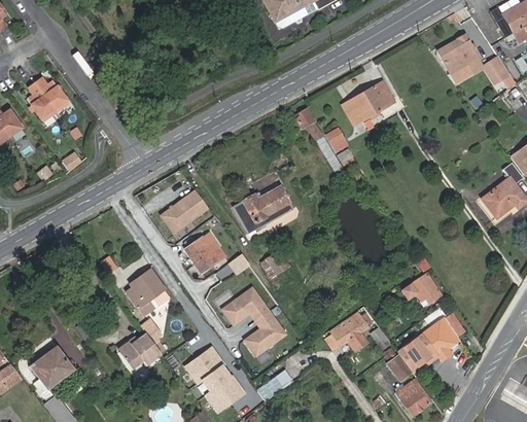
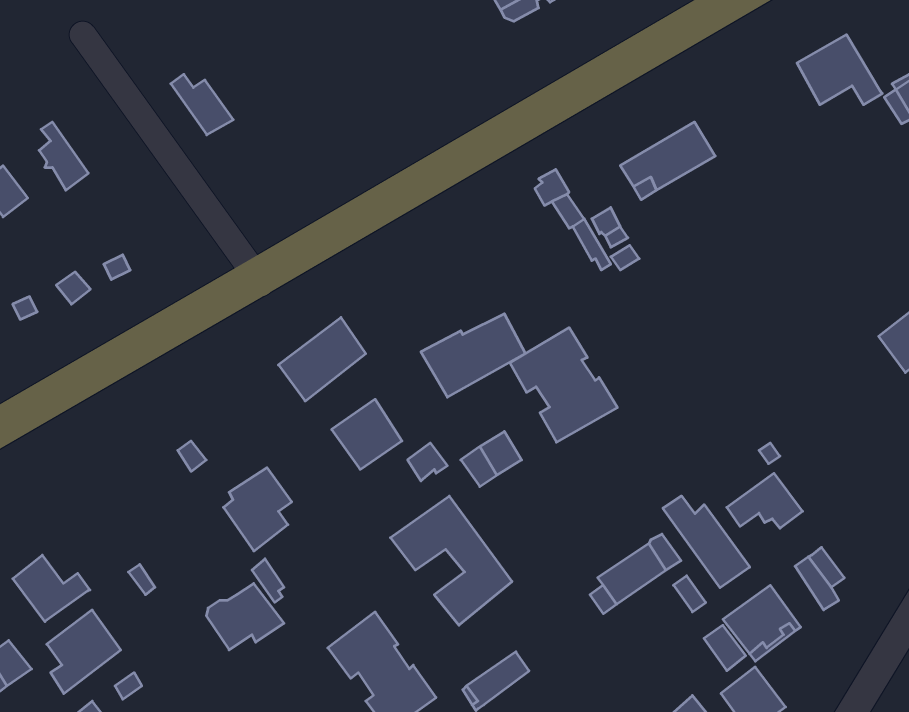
building: [35,77,69,110] -> [171,74,233,135]
building: none -> [510,328,617,442]
building: none -> [663,496,750,588]
building: none -> [13,555,90,622]

